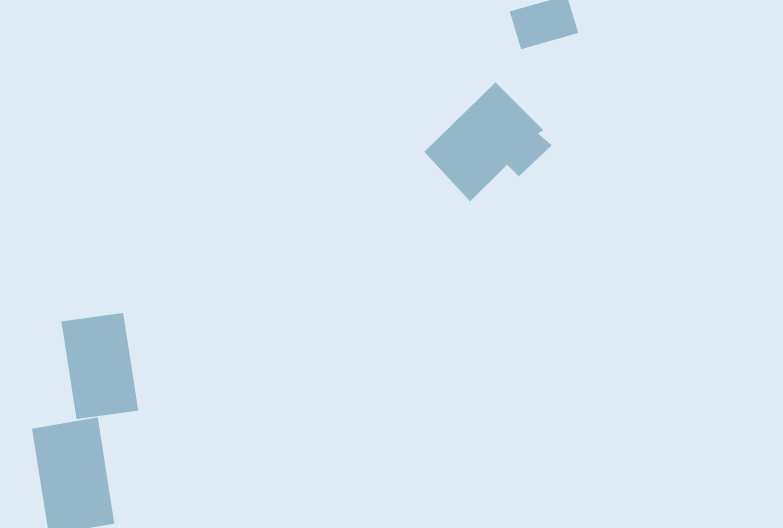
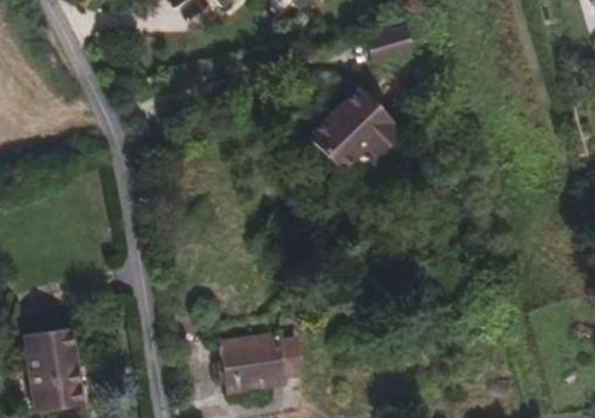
building: [61,312,139,420] -> none
building: none -> [220,333,303,390]

